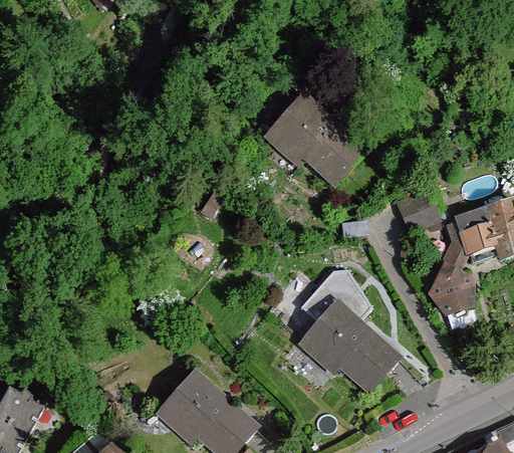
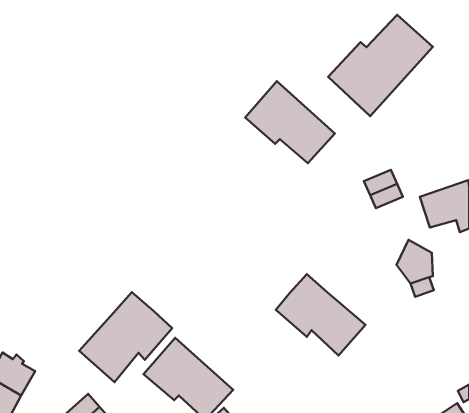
building: none -> [328,15,433,116]
building: [298,269,370,323] -> none
building: none -> [79,292,172,382]

